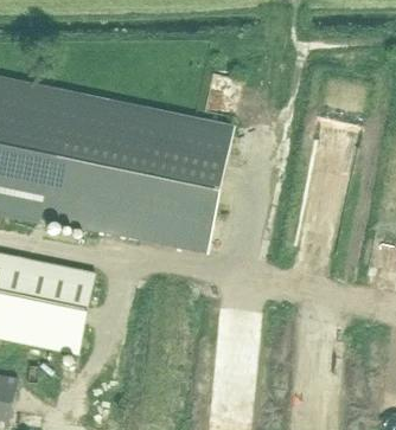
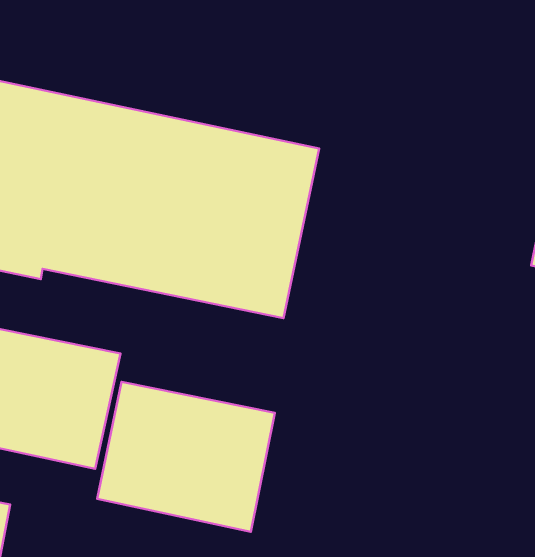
building: none -> [97,382,275,532]

